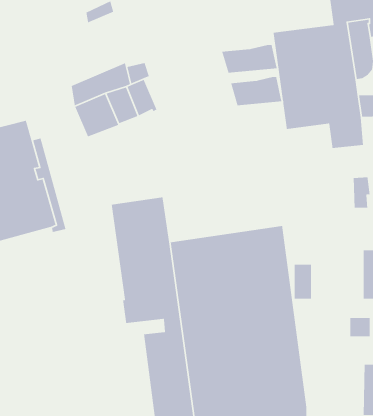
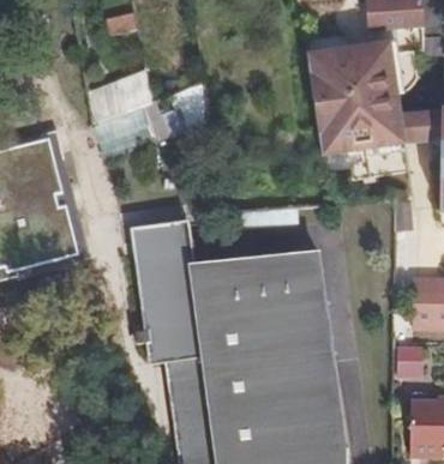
building: [221,44,278,74] -> none
building: [230,76,282,106] -> none

